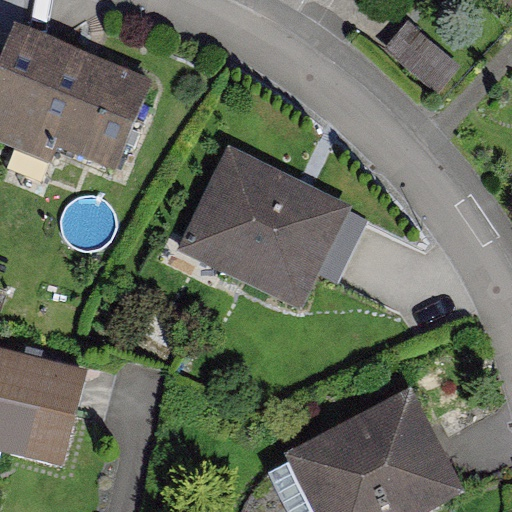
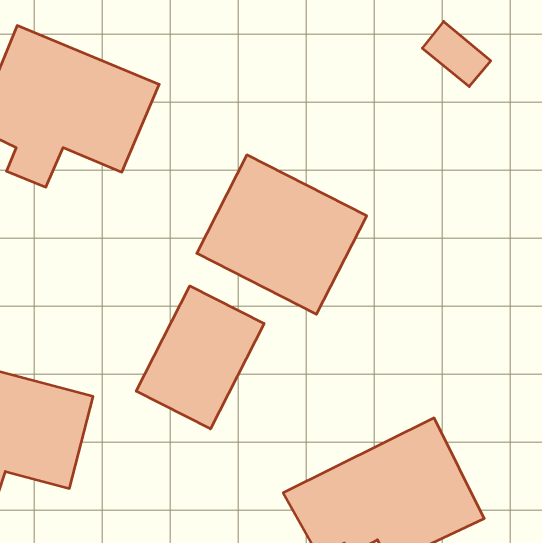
building: none -> [136,286,264,429]

